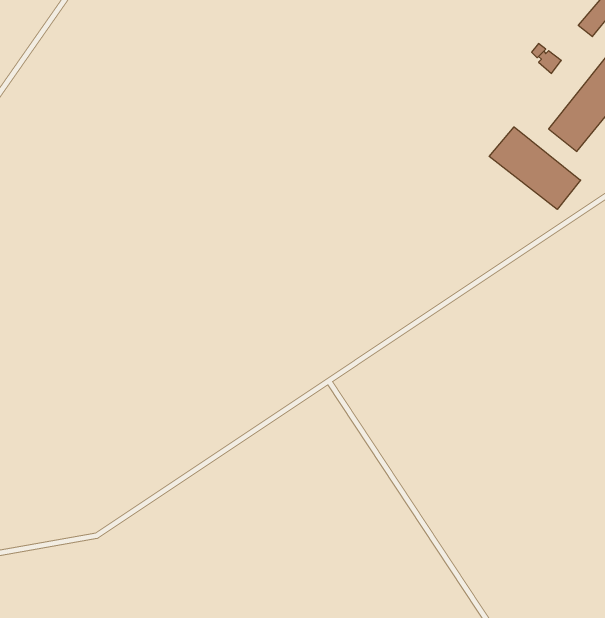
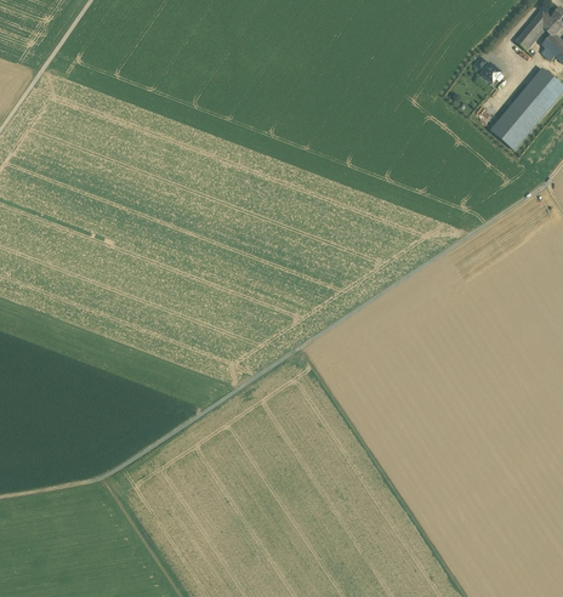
building: [489,127,581,209] -> none

